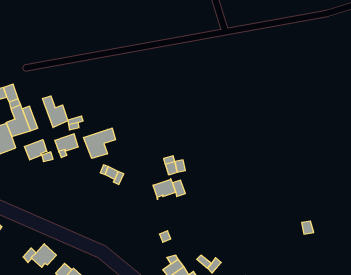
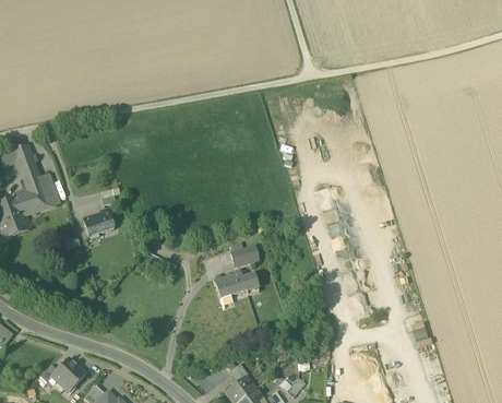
building: [43,96,68,128] -> none
building: [84,128,116,158] -> none
building: [24,140,47,160] -> none

